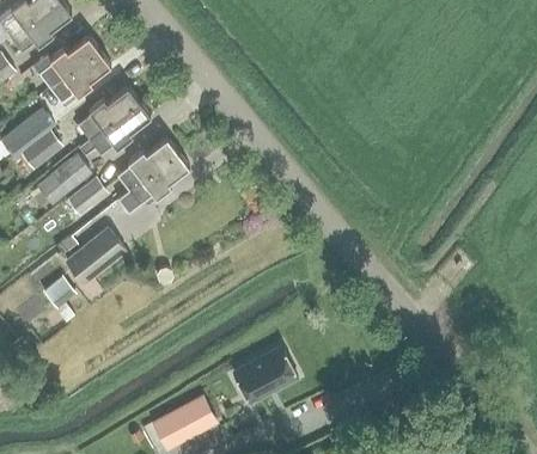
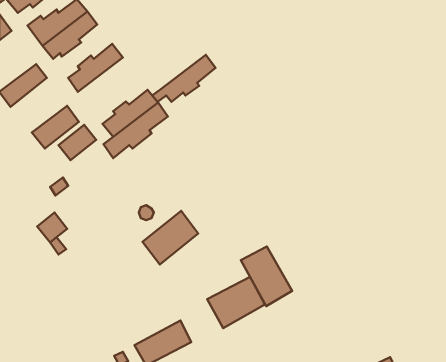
building: [79,103,149,155] -> [152,55,215,102]
building: [22,131,63,170] -> none
building: [65,226,127,286] -> [143,211,198,264]
building: none -> [241,246,292,306]

